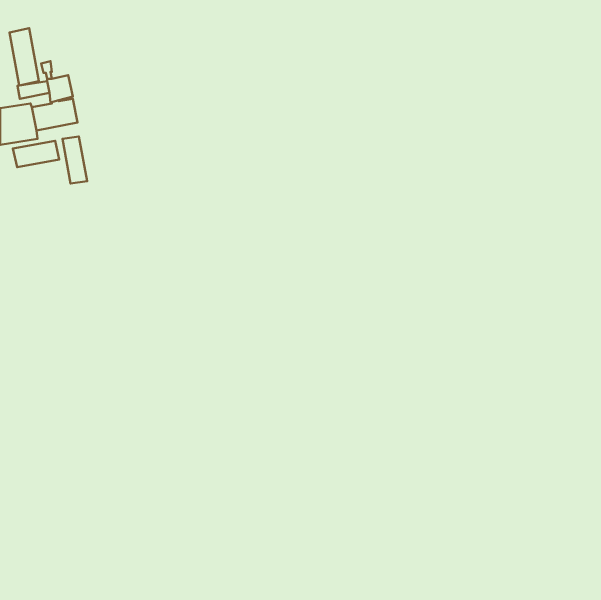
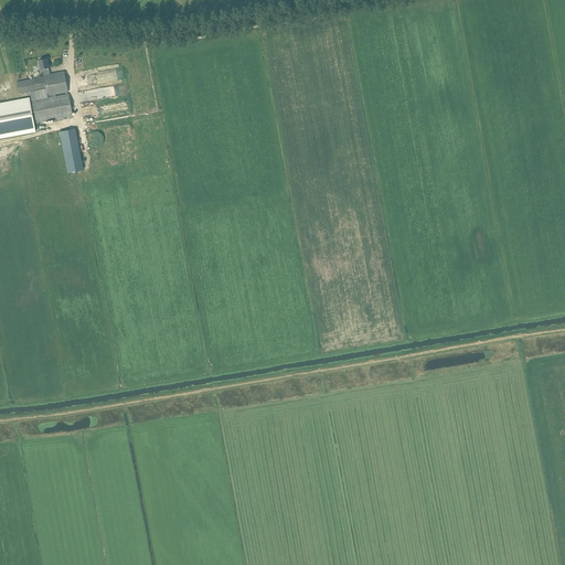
building: [10,28,39,86] -> none
building: [13,141,59,167] -> none

